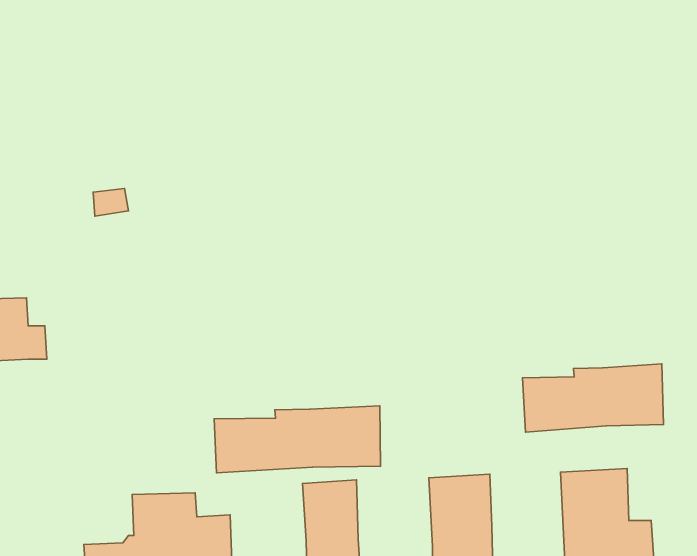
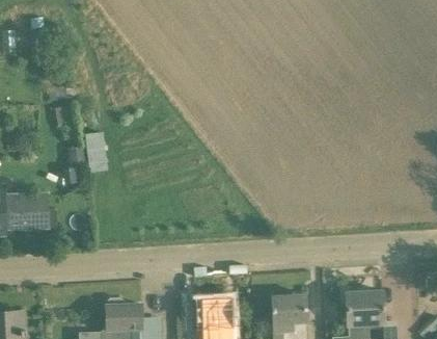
building: [522,364,664,432] -> none
building: [214,406,380,473] -> none

